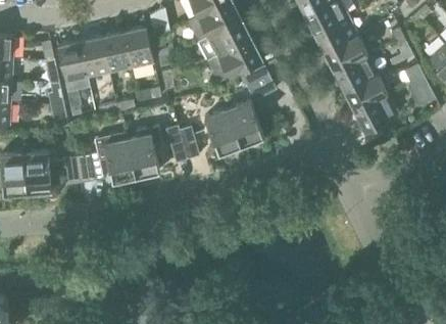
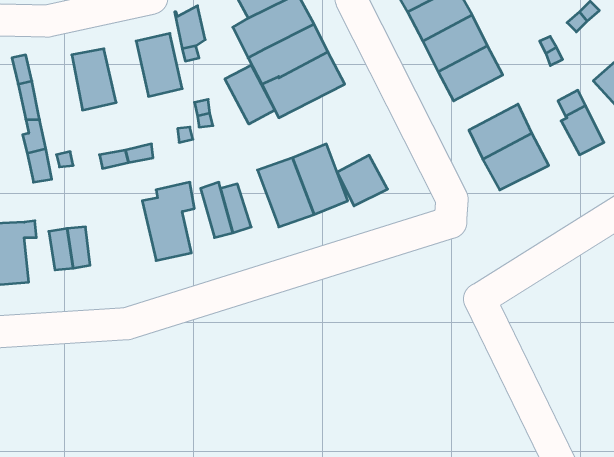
building: [102,33,132,74] -> none
building: [57,42,91,93] -> none
building: none -> [225,65,275,124]
building: [335,55,378,92] -> none
building: [243,67,277,101] -> [337,155,388,206]
building: [94,133,137,185] -> none

